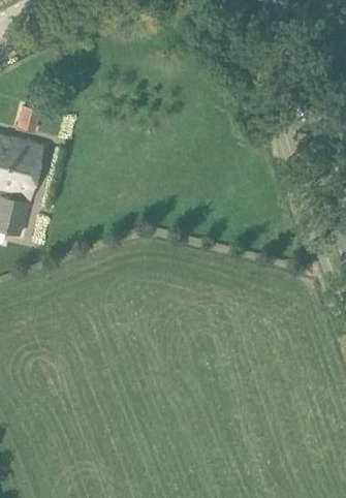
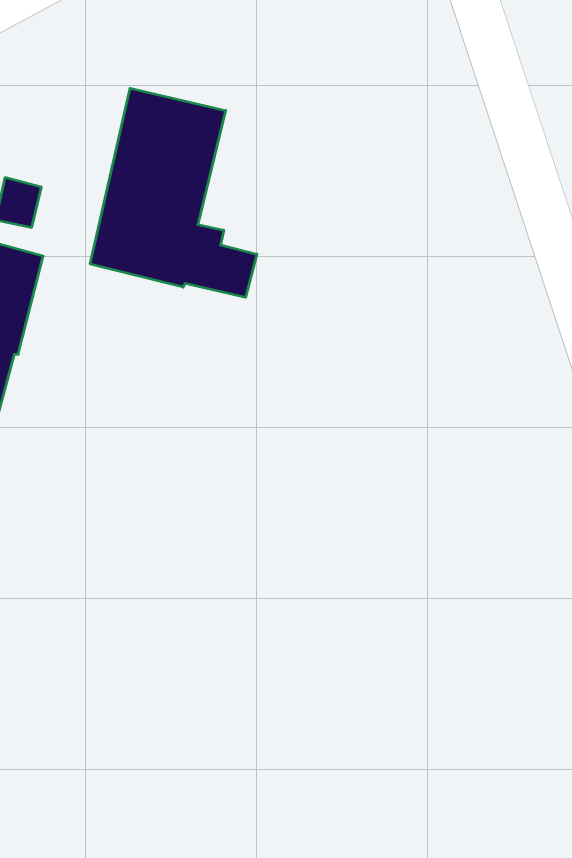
building: none -> [90,88,257,297]

